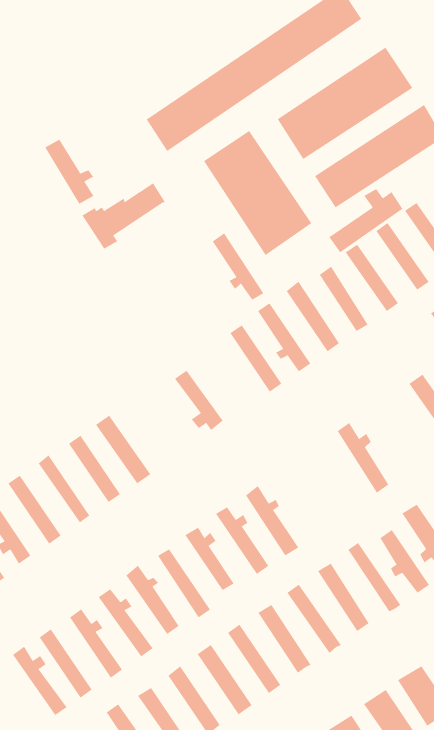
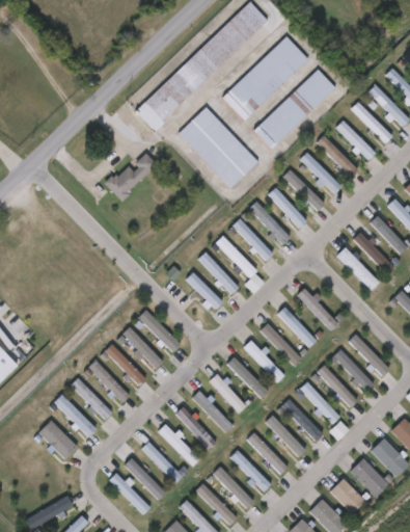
building: [44,139,94,205] -> none
building: [329,188,403,253] -> none
building: [212,233,264,301] -> [197,251,238,293]
building: none -> [278,307,318,348]
building: none -> [261,323,302,366]

